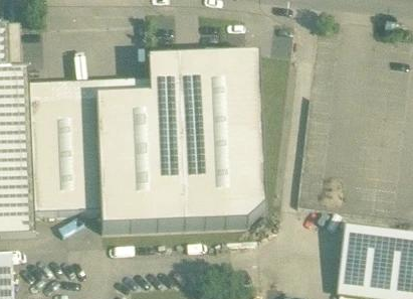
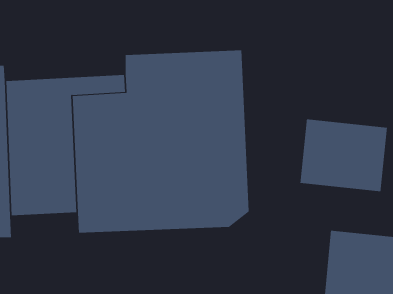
building: none -> [300,119,387,192]

